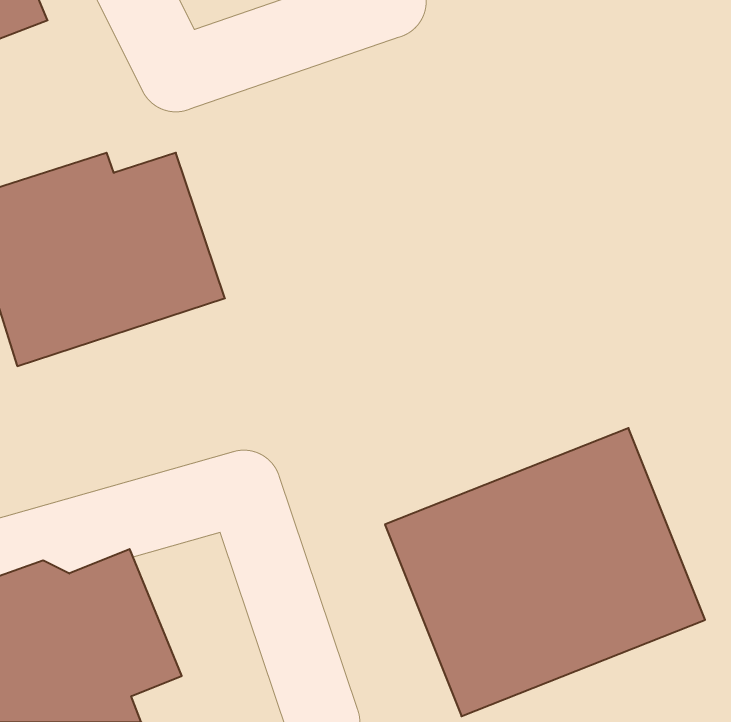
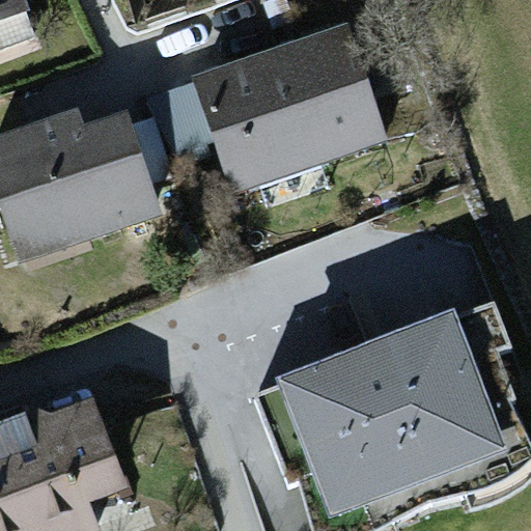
building: none -> [193,26,384,192]

